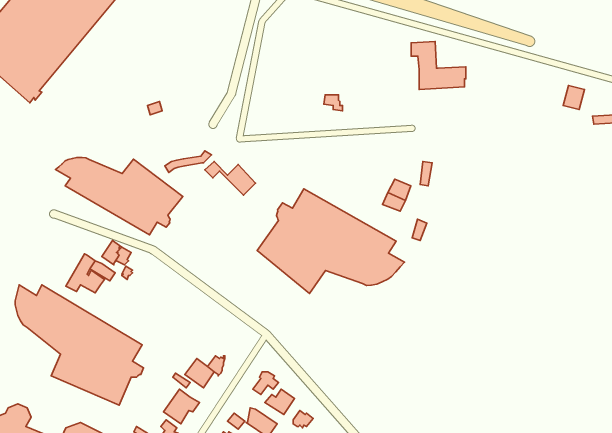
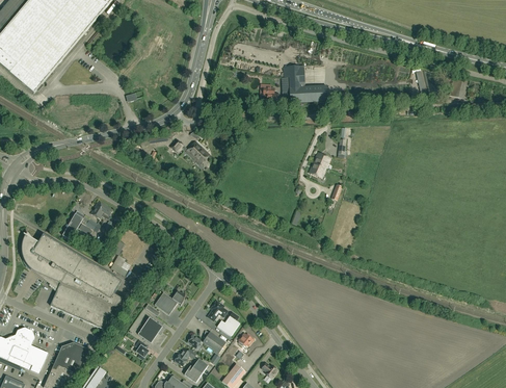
building: [411,41,466,90] -> [284,66,326,103]
building: [56,157,183,235] -> none
building: [257,189,405,294] -> none

